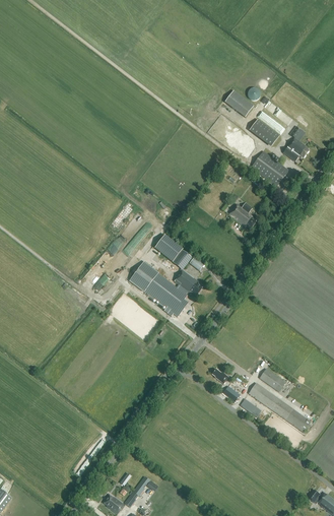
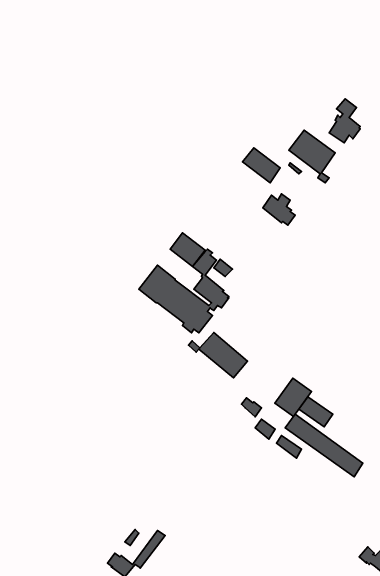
building: [224,89,254,116] -> none
building: [249,118,279,146] -> [243,148,280,183]
building: none -> [189,333,247,378]
building: none -> [275,378,311,417]

